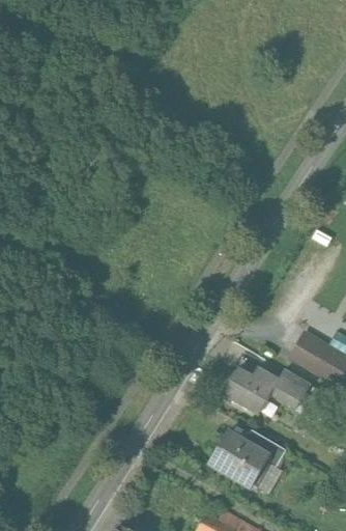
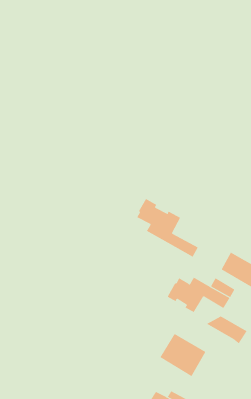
building: none -> [136,198,199,258]
building: [238,431,291,468] -> [206,316,247,344]

